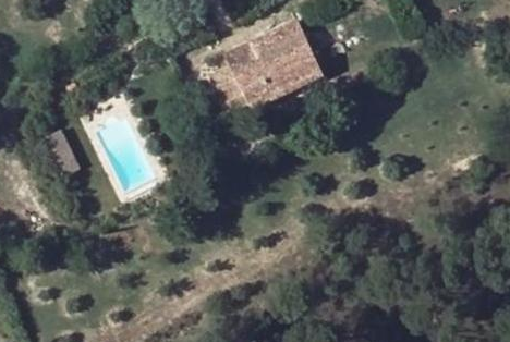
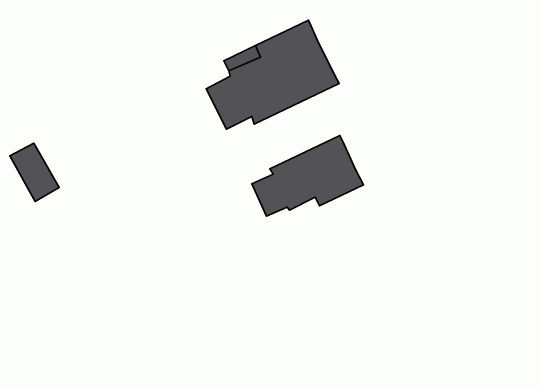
building: none -> [252,135,363,216]

